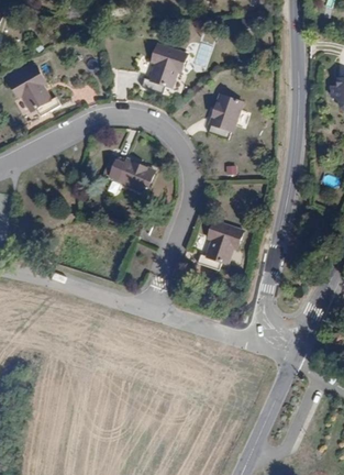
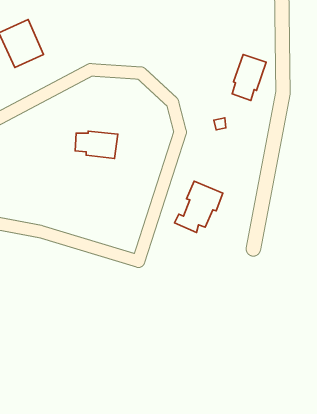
building: [143,42,191,91] -> none
building: [211,90,245,136] -> [232,55,266,100]

